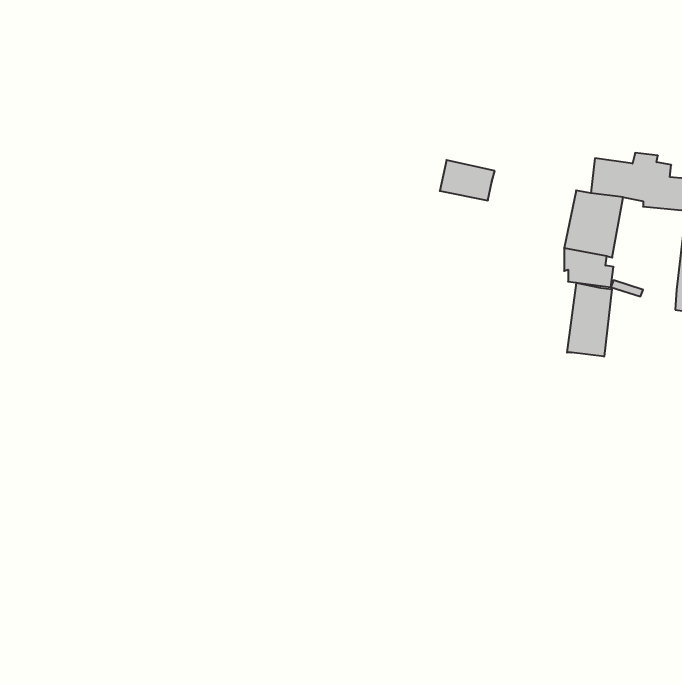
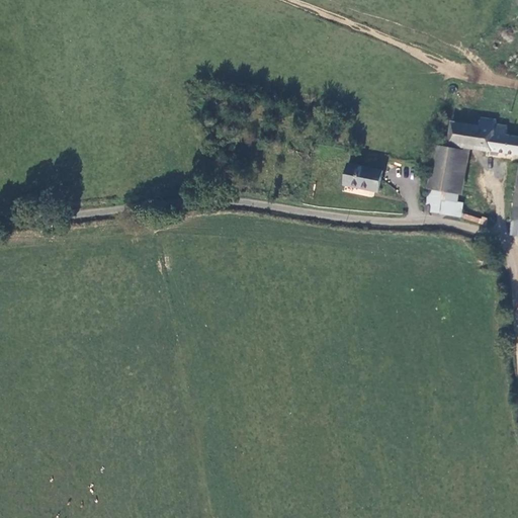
building: [440,160,495,200] -> [344,162,385,192]
building: [567,283,612,357] -> none

